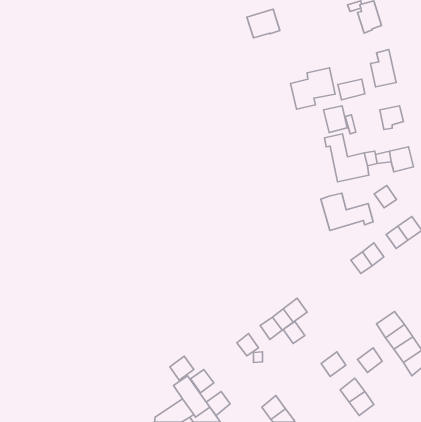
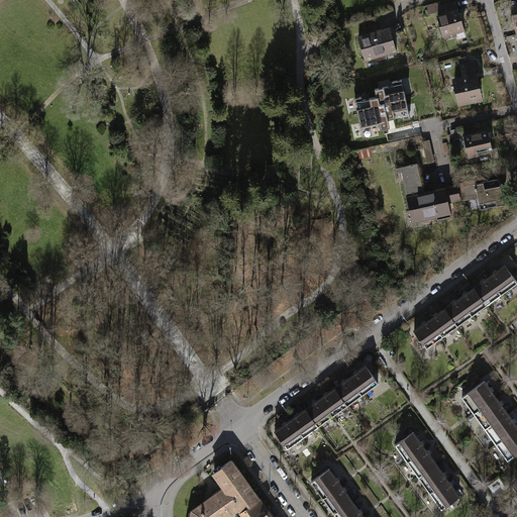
building: [247,9,280,38] -> [359,26,400,62]
building: [338,79,365,100] -> none
building: [323,106,347,132] -> none
building: [374,185,397,208] -> [458,287,486,314]
building: [321,193,373,231] -> none
building: none -> [413,318,442,347]
building: [283,321,305,344] -> [305,398,331,425]
building: [358,348,382,373] -> [405,446,435,477]
building: [170,356,194,380] -> none
building: [191,370,214,393] -> [275,419,303,447]
building: [206,392,230,416] -> [309,469,338,498]

